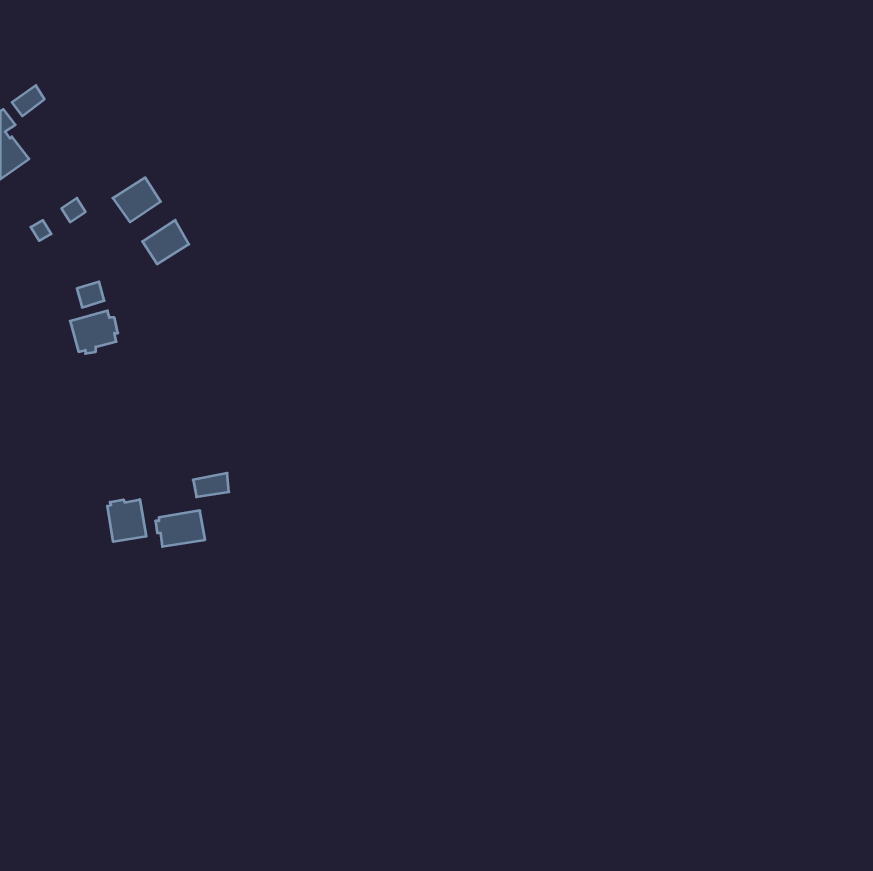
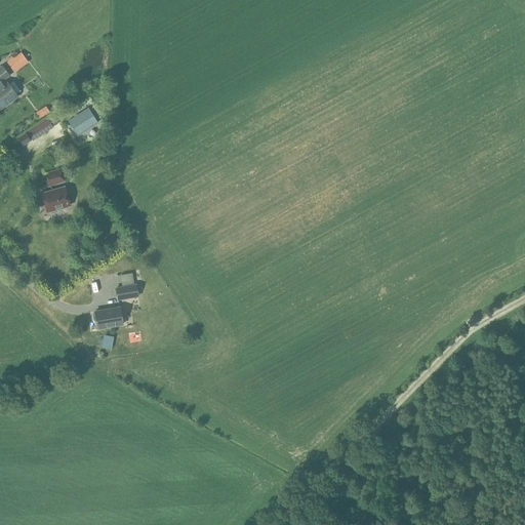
building: [142,220,189,264] -> none
building: [107,499,146,542] -> none

